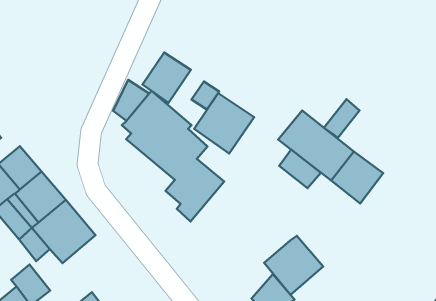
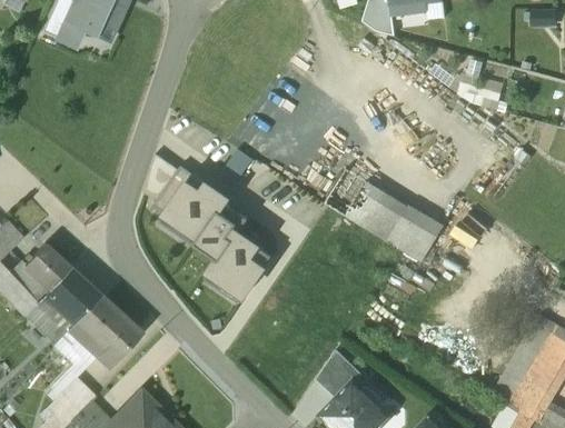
building: [143,52,191,103] -> none
building: [194,93,254,153] -> none
building: [324,99,359,138] -> none
building: [279,150,321,188] -> none
building: [264,236,323,295] -> none

